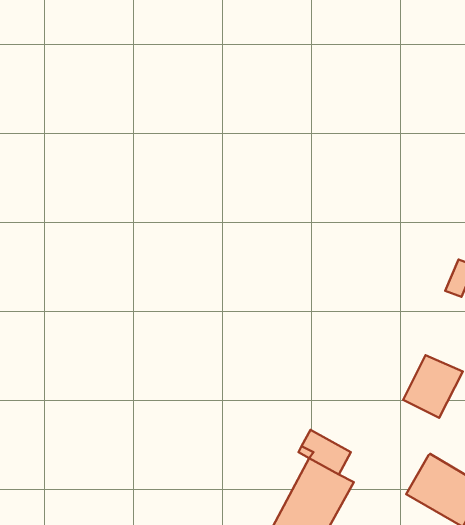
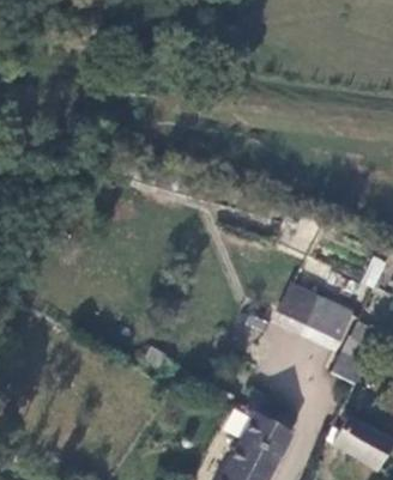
building: none -> [280,284,352,339]

